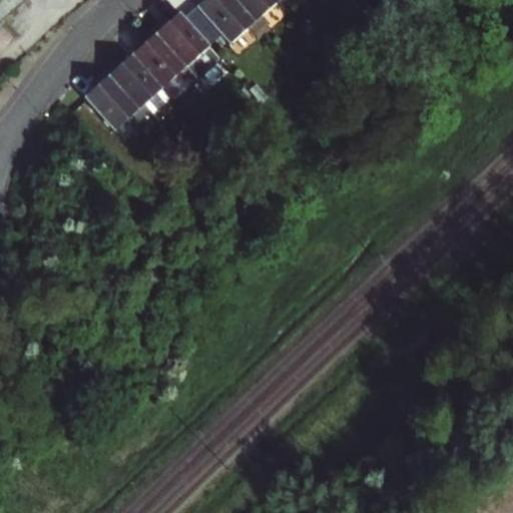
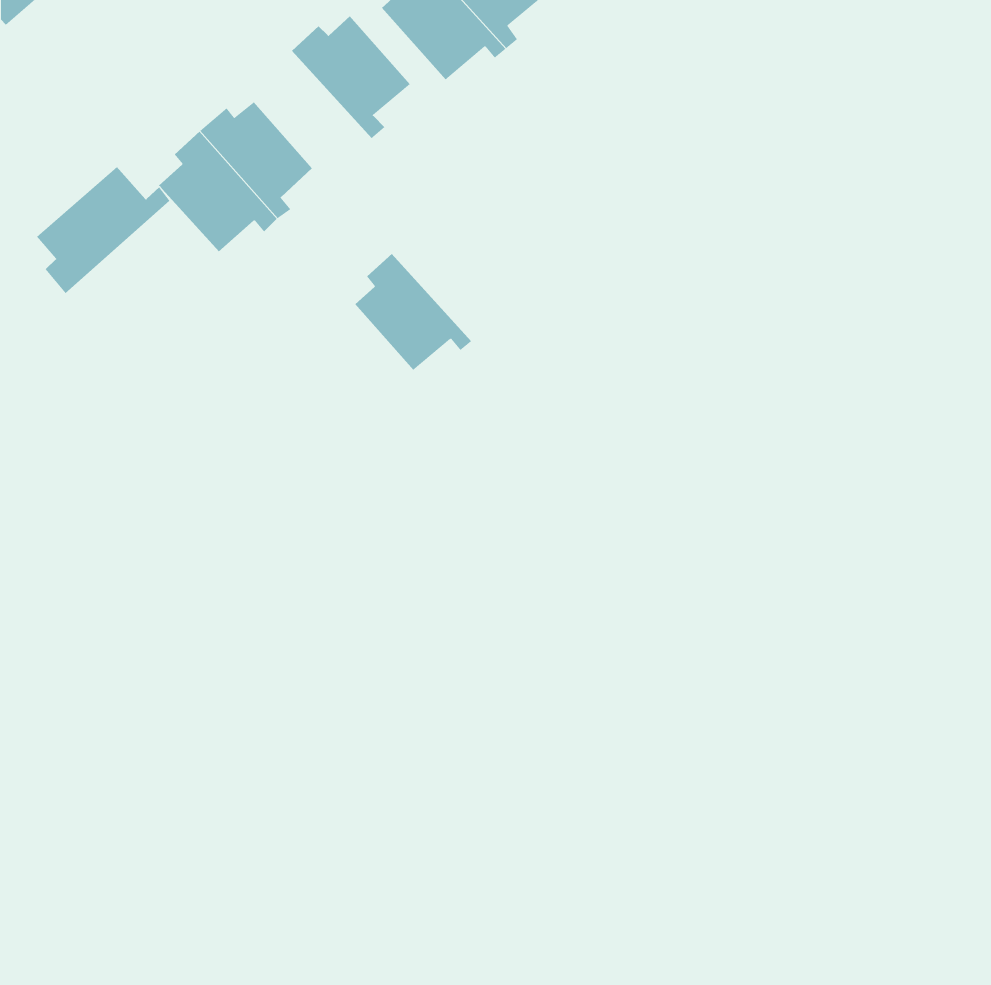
building: [134,26,194,86] -> [355,253,472,370]
building: none -> [36,166,170,294]

